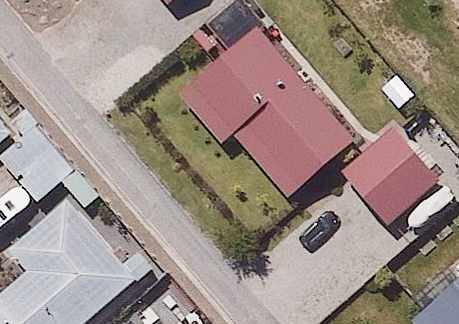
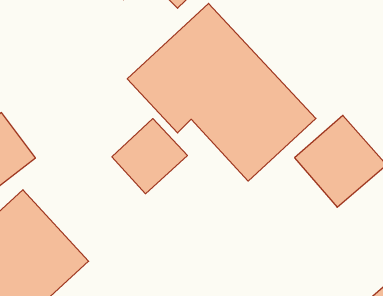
building: none -> [112,119,187,194]

